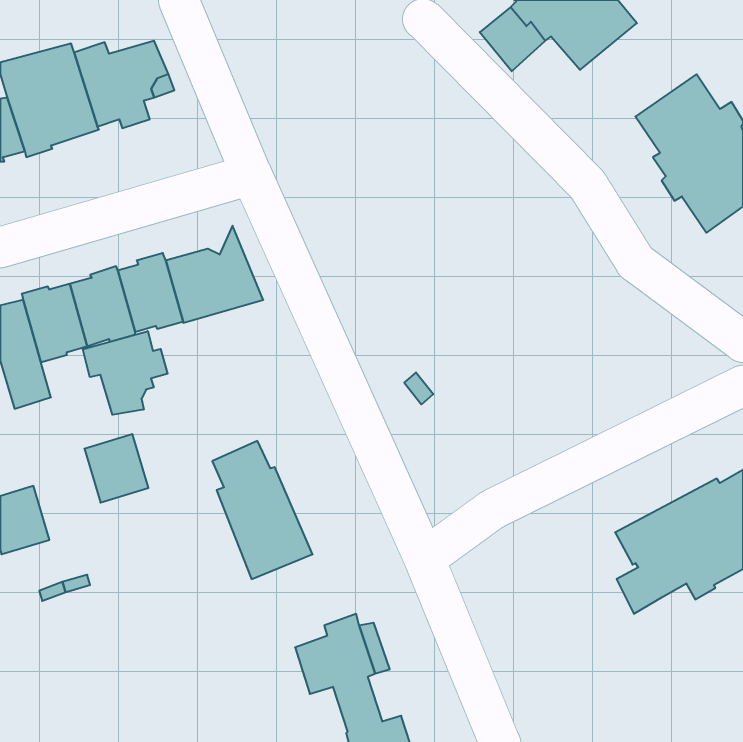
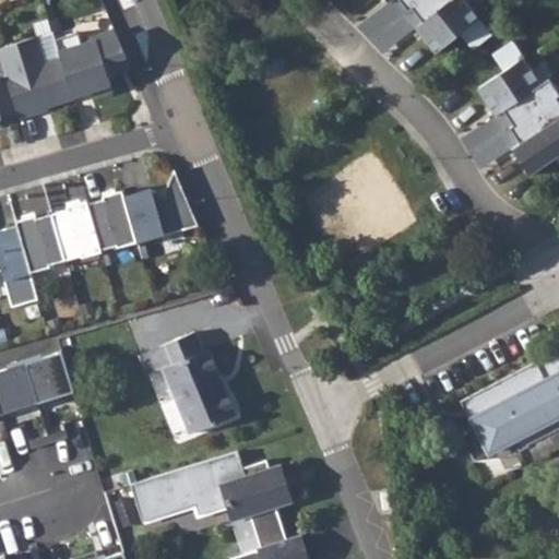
building: none -> [463,119,507,168]
building: [83,331,168,415] -> none
building: [84,434,148,503] -> [25,355,73,406]
building: none -> [130,452,246,520]

